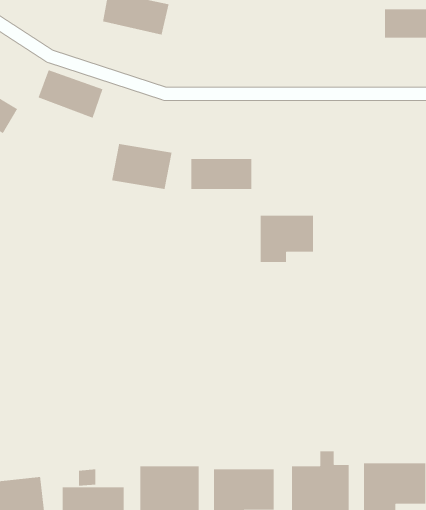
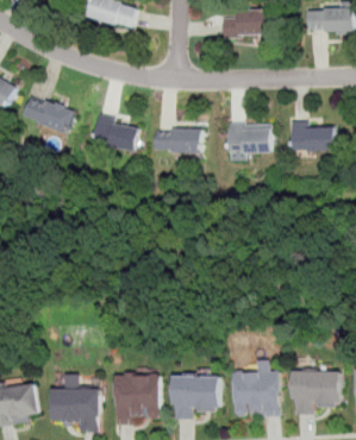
building: none -> [221,12,269,38]
building: [38,69,104,119] -> [21,98,74,137]
building: none -> [289,120,333,151]
building: [260,215,314,263] -> [226,122,269,161]

